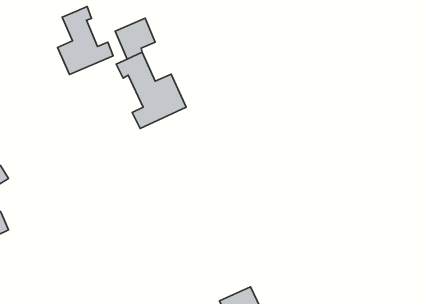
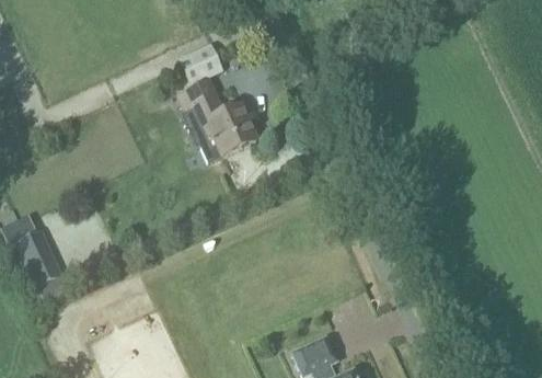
building: [58,7,113,75] -> none

